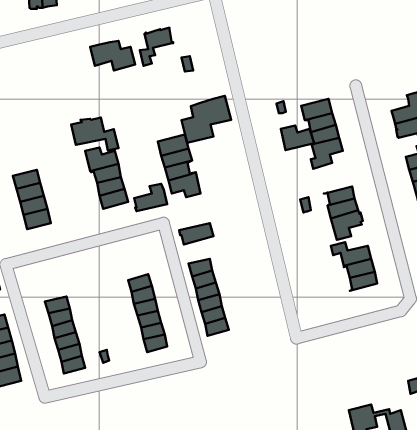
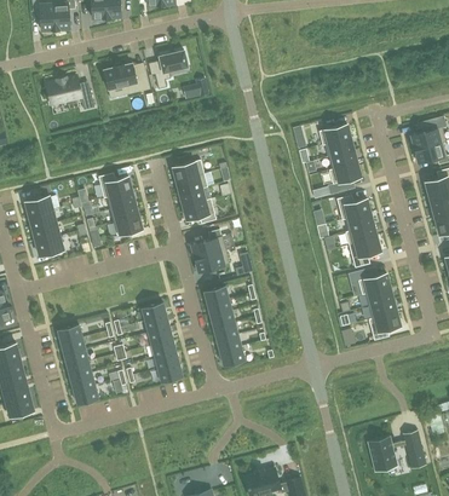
building: [182,96,231,143] -> none
building: [71,117,119,151] -> [46,76,94,110]
building: [281,125,314,150] -> [336,195,370,220]
building: [134,184,167,211] -> [191,230,225,258]
building: none -> [368,312,399,340]

